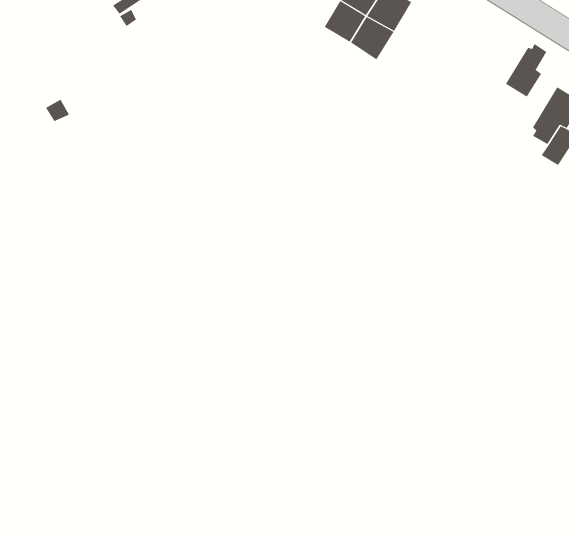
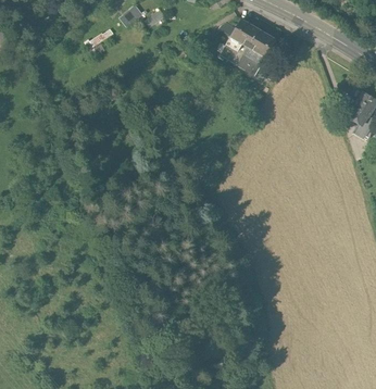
building: [505,43,547,98] -> none

